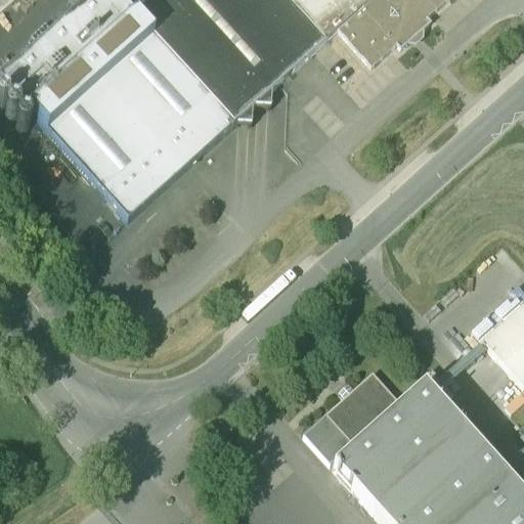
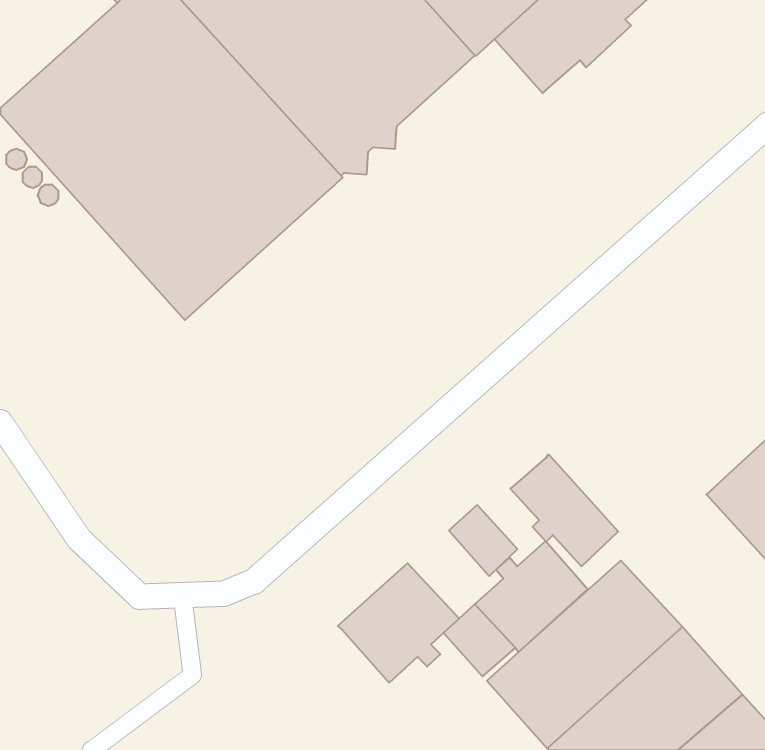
building: none -> [510,454,618,566]
building: none -> [449,505,517,576]
building: none -> [338,563,459,683]

